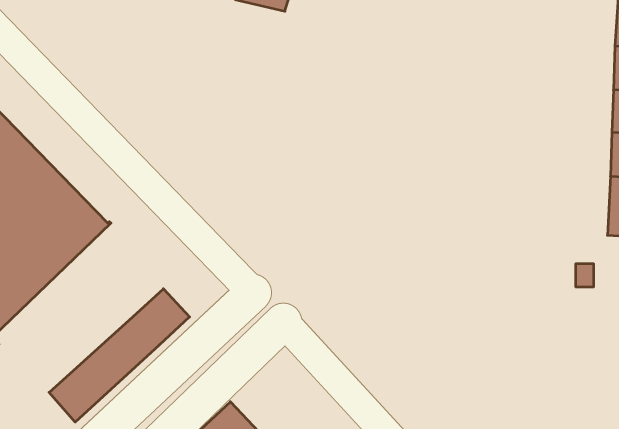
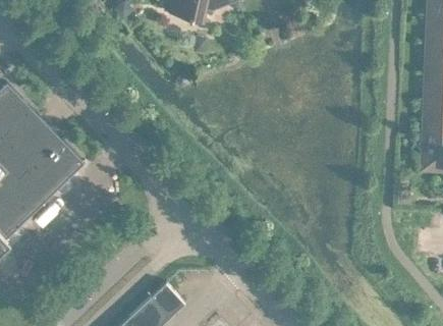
building: [49,289,190,422] -> none

